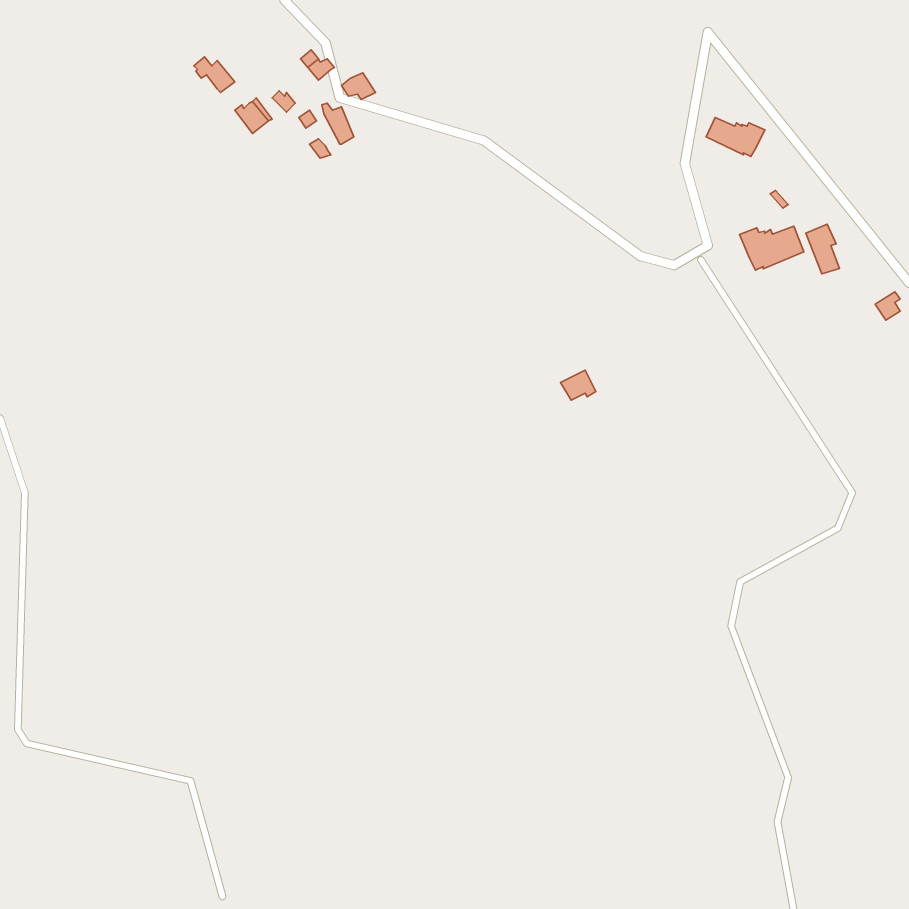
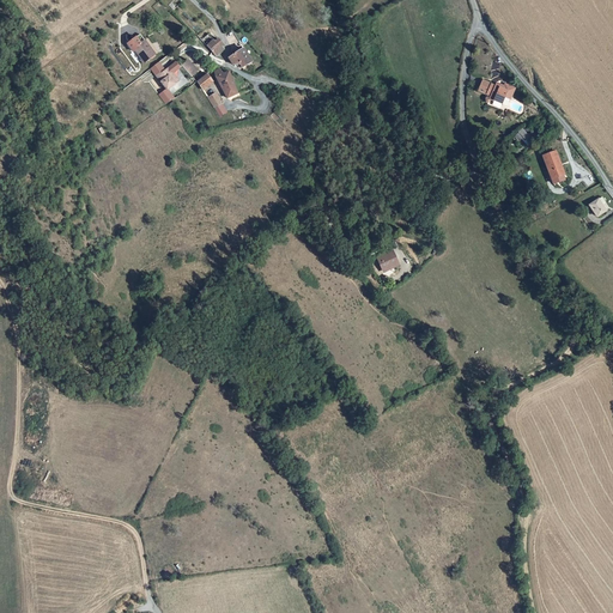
building: [739,226,804,270] -> none

